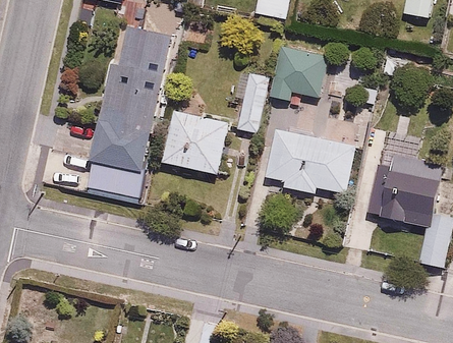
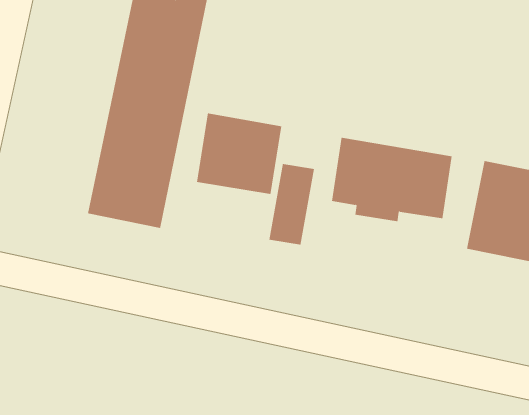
building: [270,46,326,101] -> none
building: [234,72,269,133] -> [269,164,315,245]

